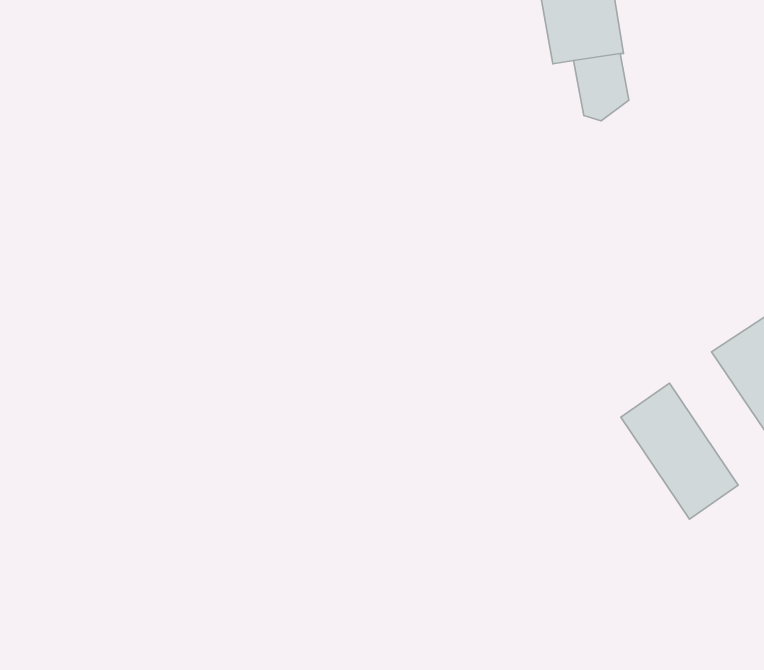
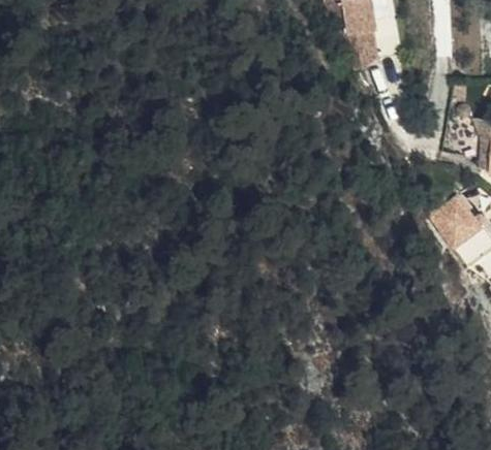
building: [621,383,738,519] -> none

